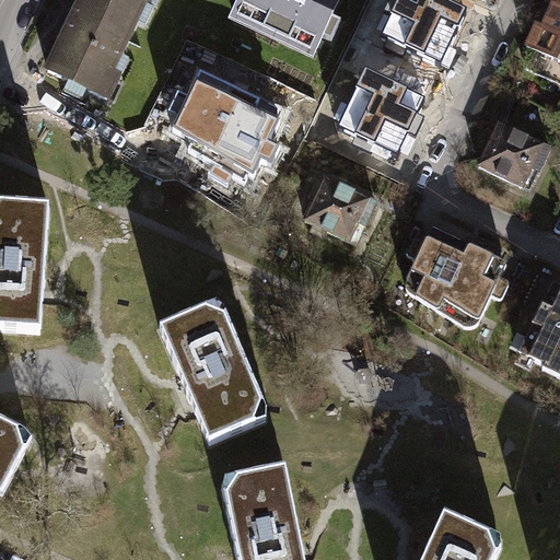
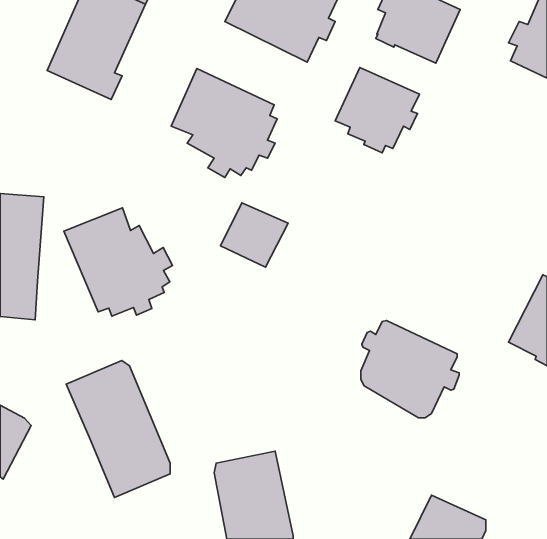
building: [477,119,550,186] -> none
building: [304,176,373,242] -> [221,203,288,267]
building: none -> [64,208,172,316]
building: [406,223,506,323] -> [361,321,459,418]
building: [155,299,261,439] -> [66,361,170,497]

